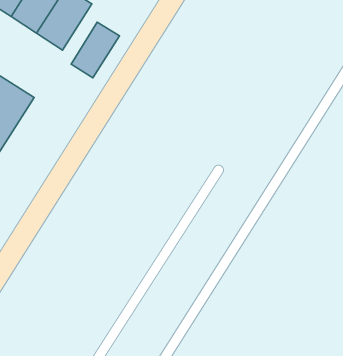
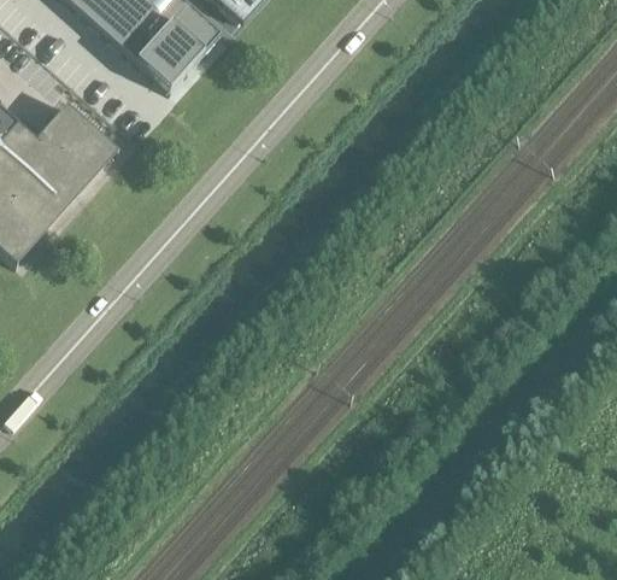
building: [71,22,119,78] -> none

